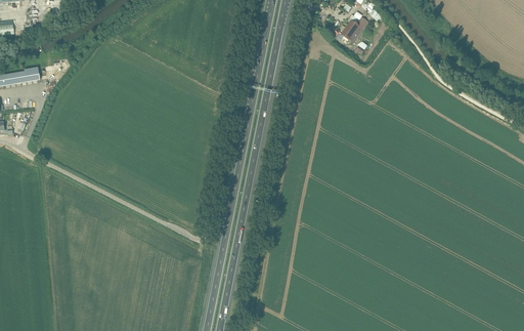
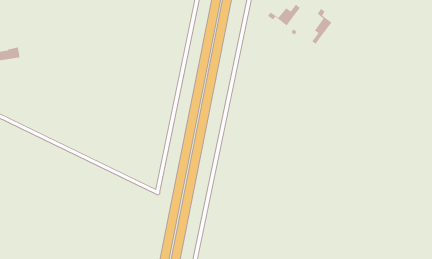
building: none -> [311,8,333,45]

